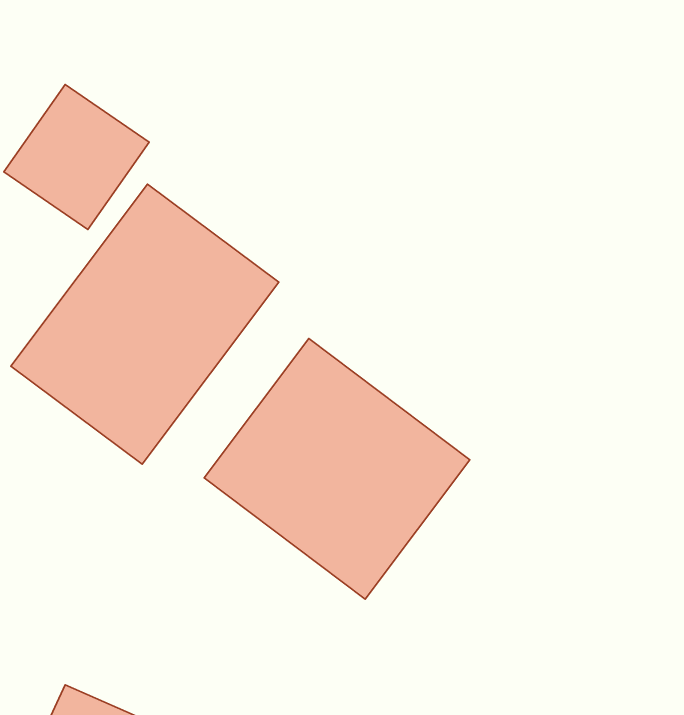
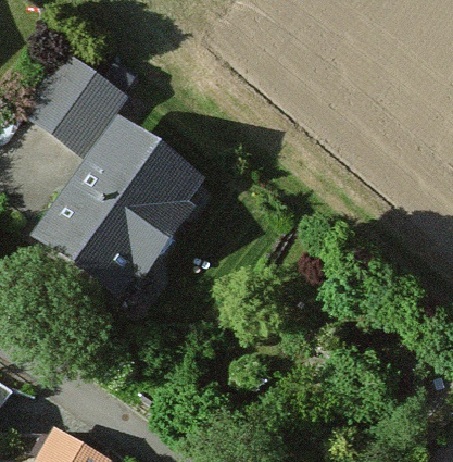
building: [204,339,470,599] -> none

